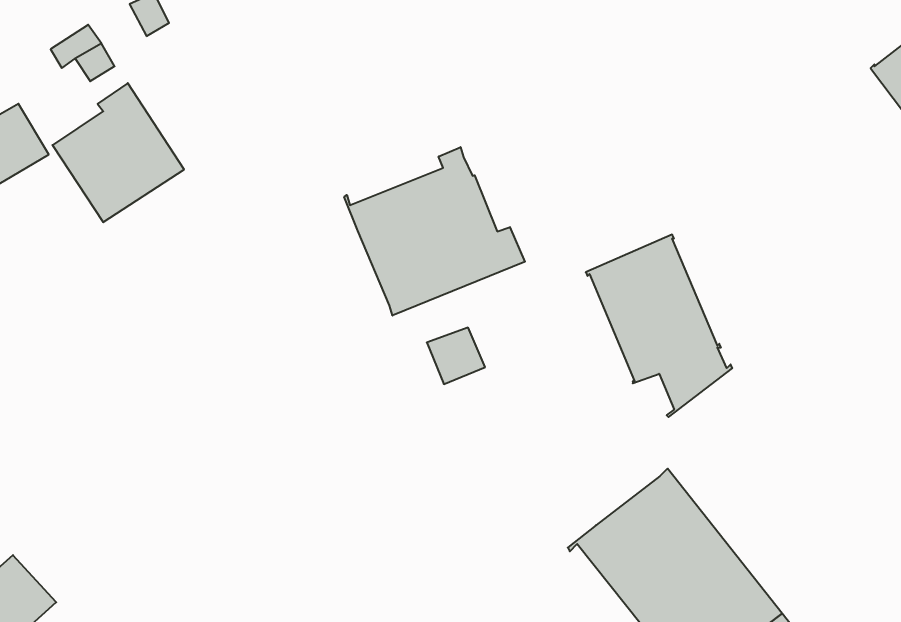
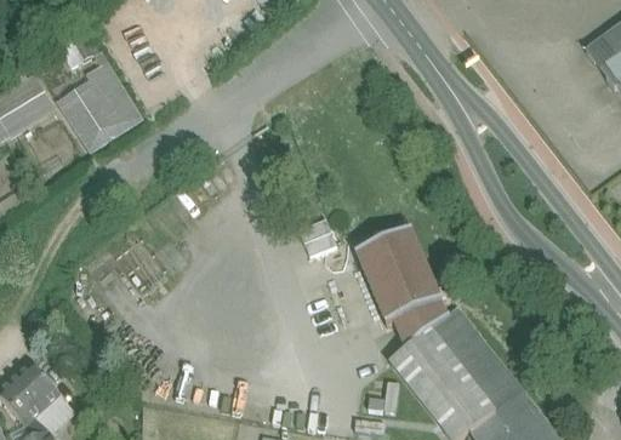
building: [344,147,525,316] -> none
building: [586,235,732,417] -> [354,227,449,344]

